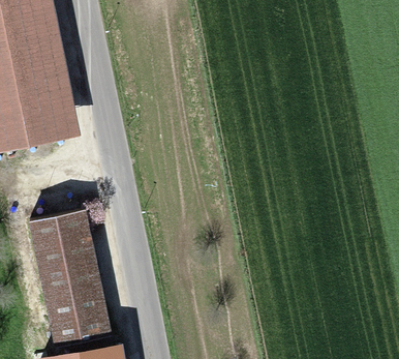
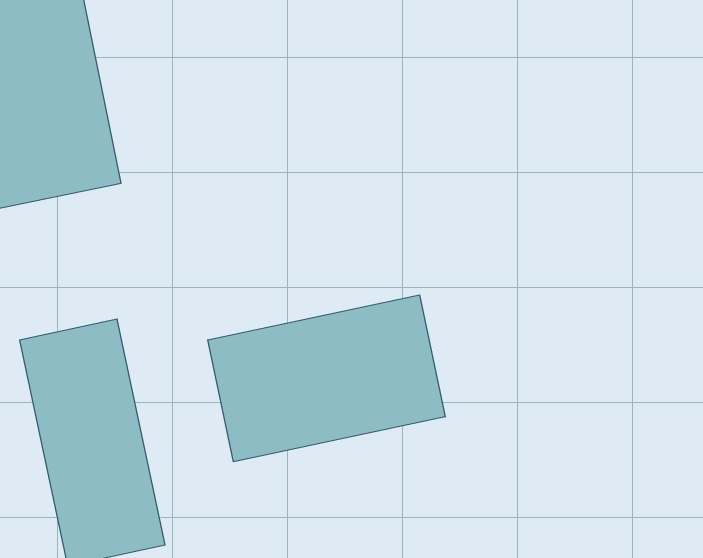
building: none -> [208,295,445,462]

